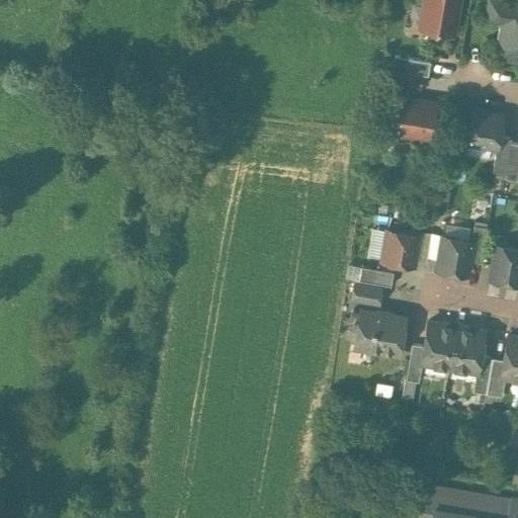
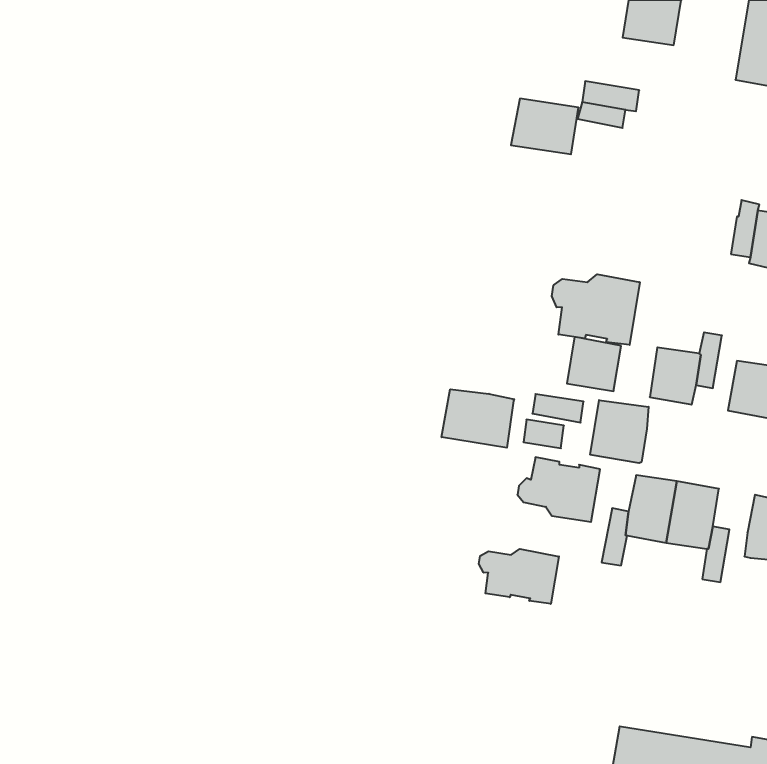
building: [390,99,435,137] -> [511,99,579,154]
building: [467,112,504,149] -> none
building: none -> [552,274,640,345]
building: none -> [442,389,514,448]
building: none -> [590,400,649,463]
building: [486,359,506,398] -> none
building: none -> [479,549,559,604]

